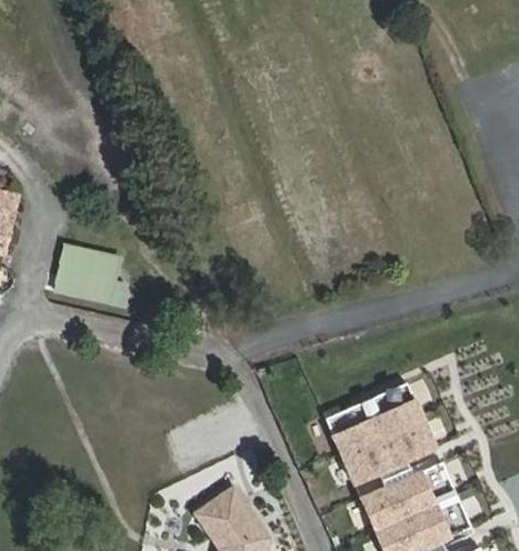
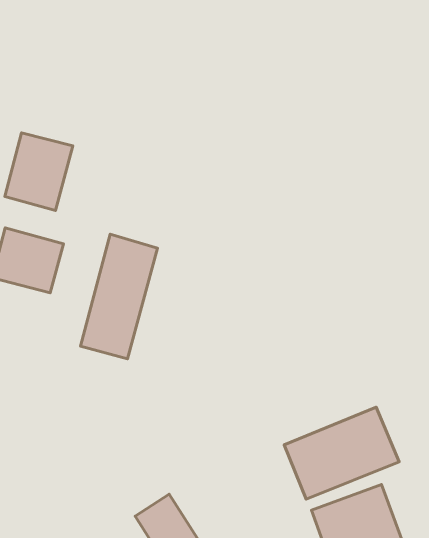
building: none -> [5,133,73,211]
building: none -> [81,234,157,359]

